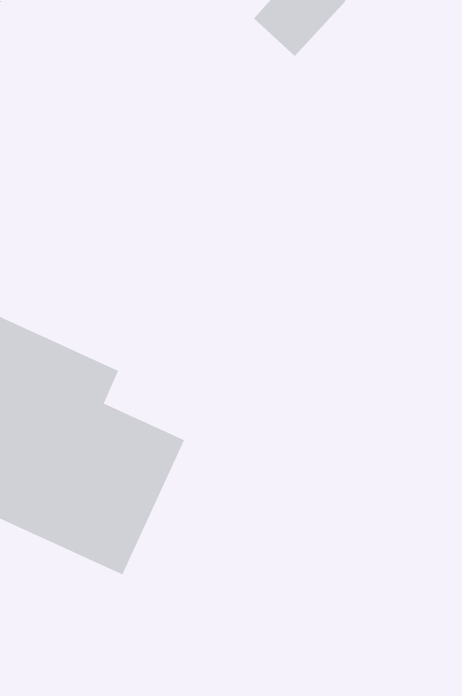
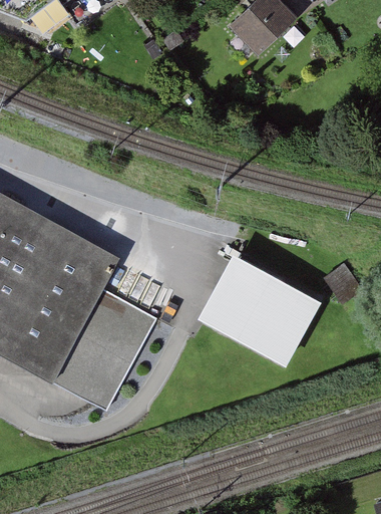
building: none -> [190,251,320,370]

